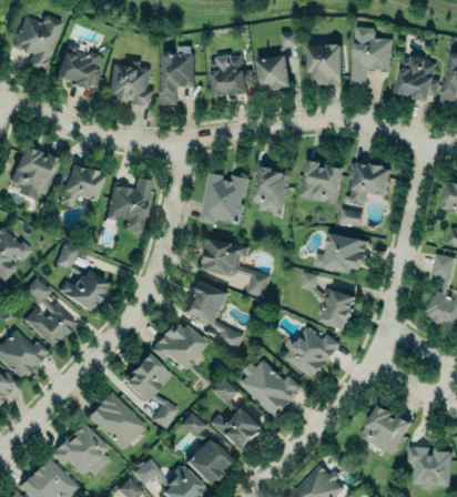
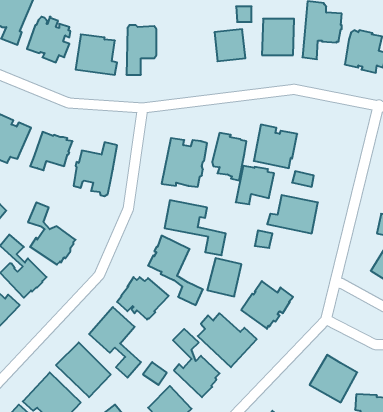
building: [210,55,254,99] -> none
building: [351,163,392,204] -> [236,166,274,204]
building: [317,290,354,331] -> [207,258,241,296]

